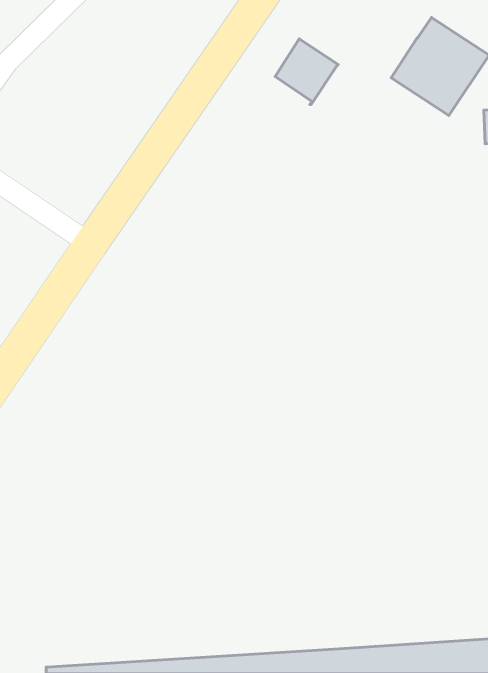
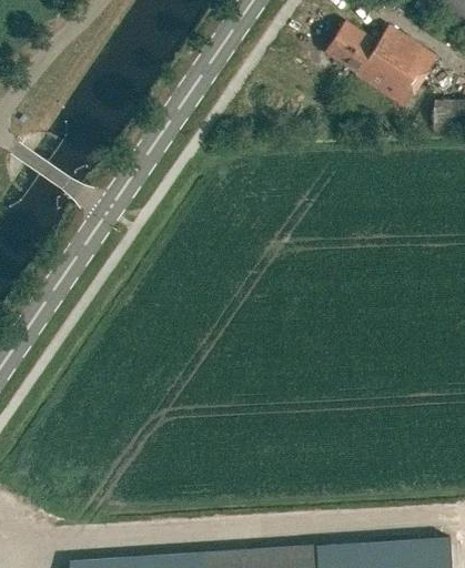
building: [275,39,338,105] -> [326,20,378,74]

